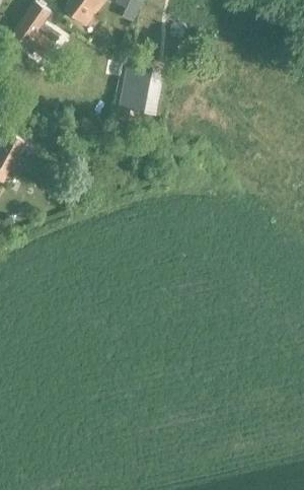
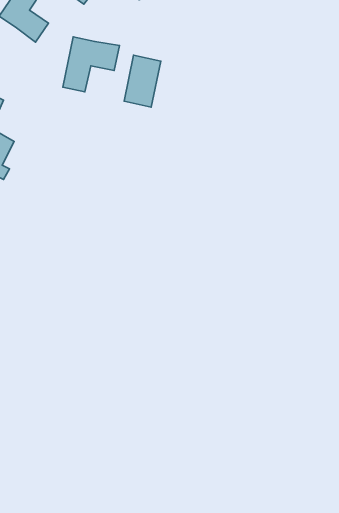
building: none -> [63,37,119,92]

